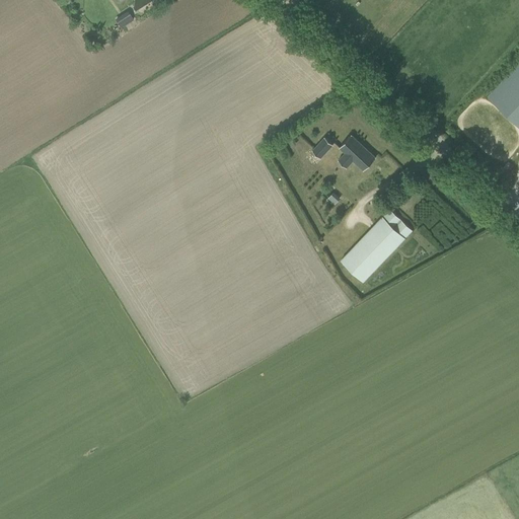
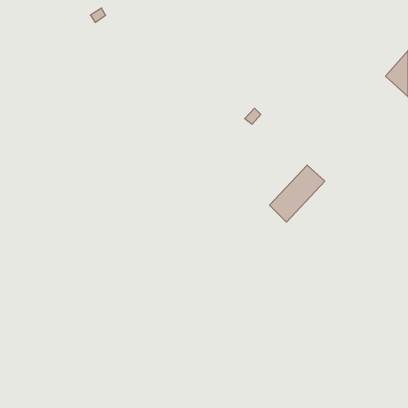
building: [337,136,374,170] -> none

